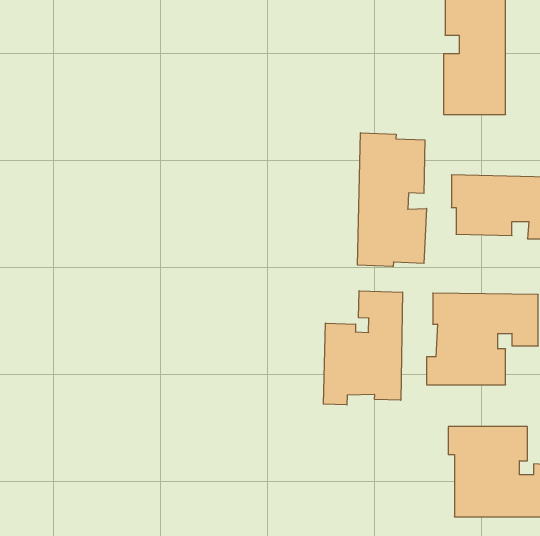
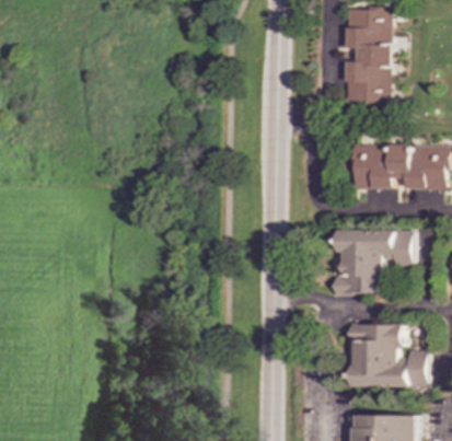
building: [358,133,427,267] -> none
building: [323,291,402,405] -> none

